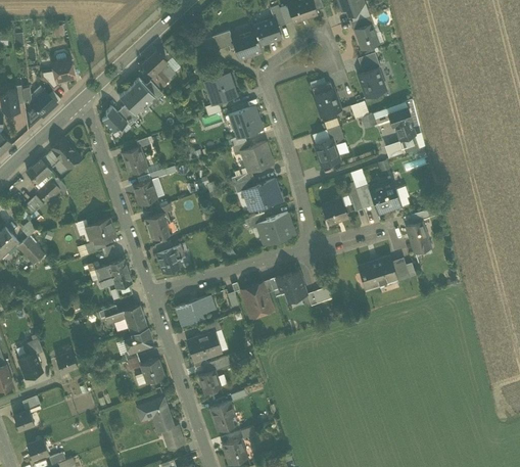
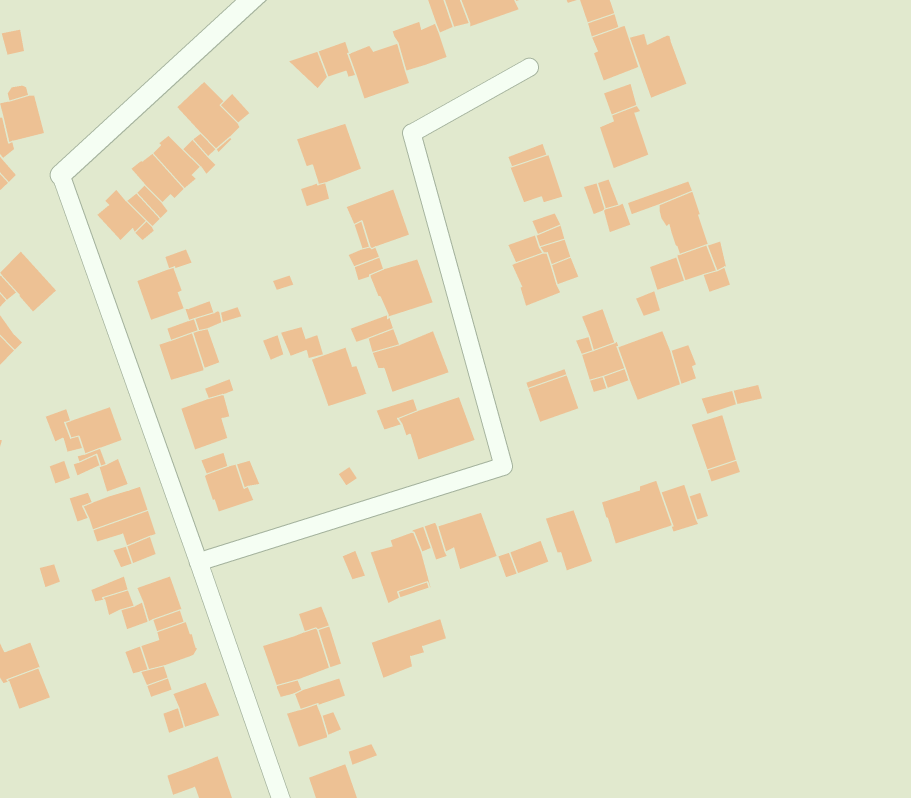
building: none -> [629,33,687,99]
building: none -> [311,347,367,407]
building: none -> [545,509,593,571]
building: [175,295,214,326] -> [371,619,447,678]

